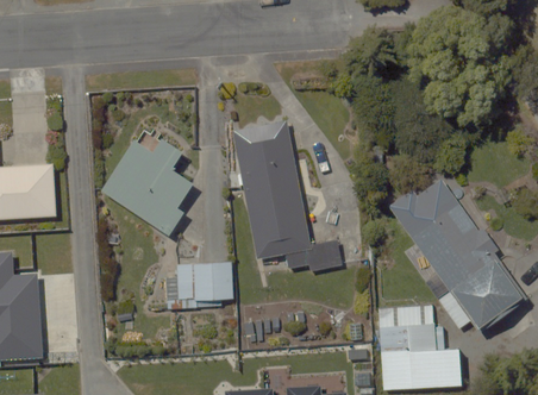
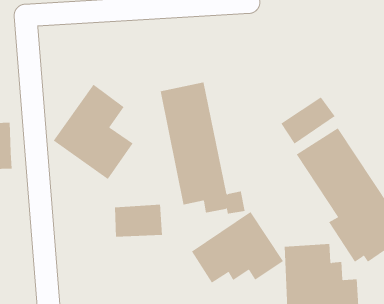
building: none -> [280,96,335,145]
building: none -> [191,211,284,284]

